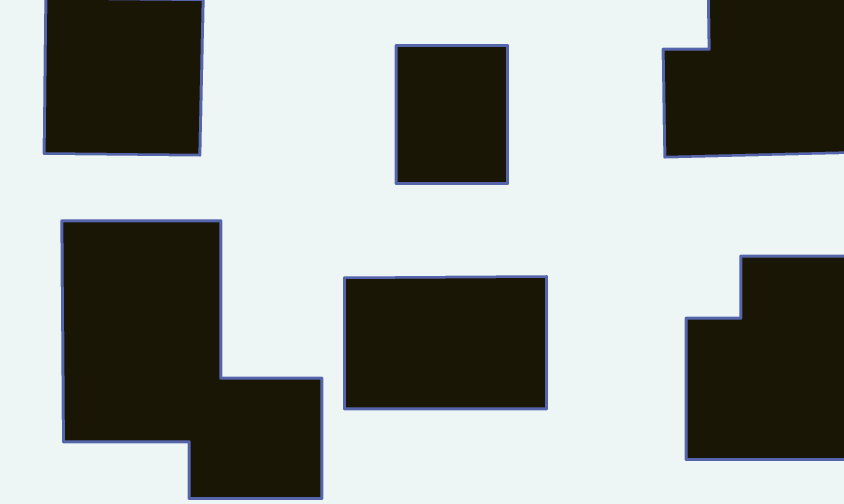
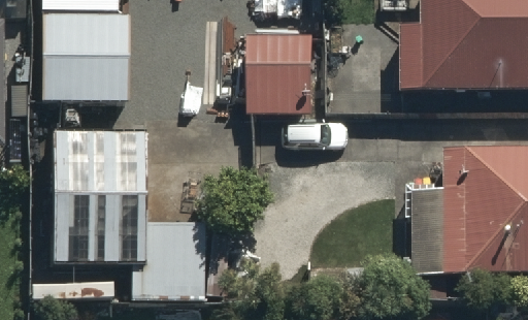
building: [345,276,546,409] -> none

